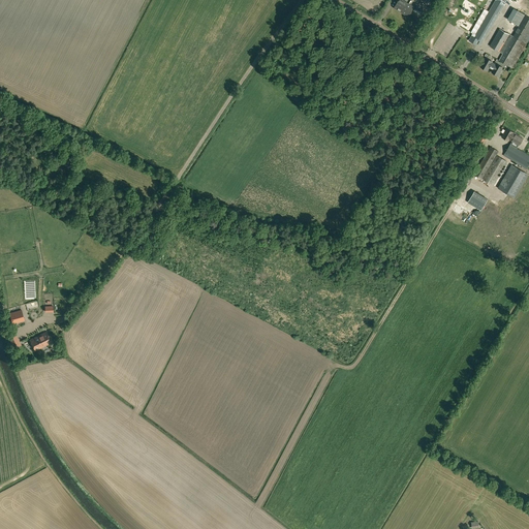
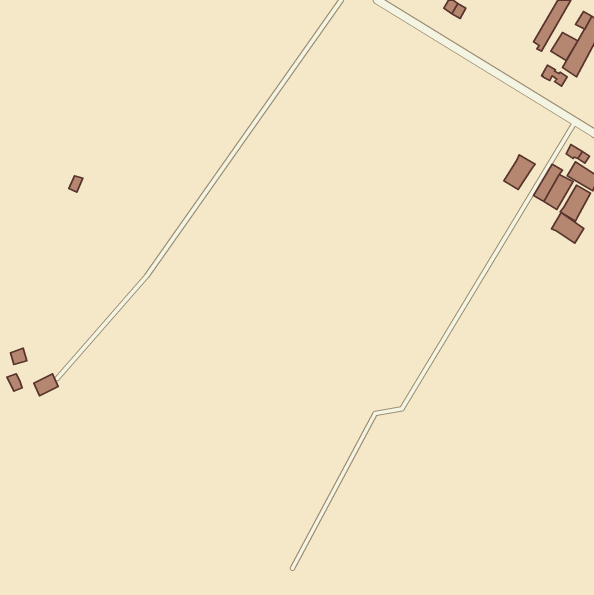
building: none -> [504,155,535,190]
building: none -> [551,213,584,243]

